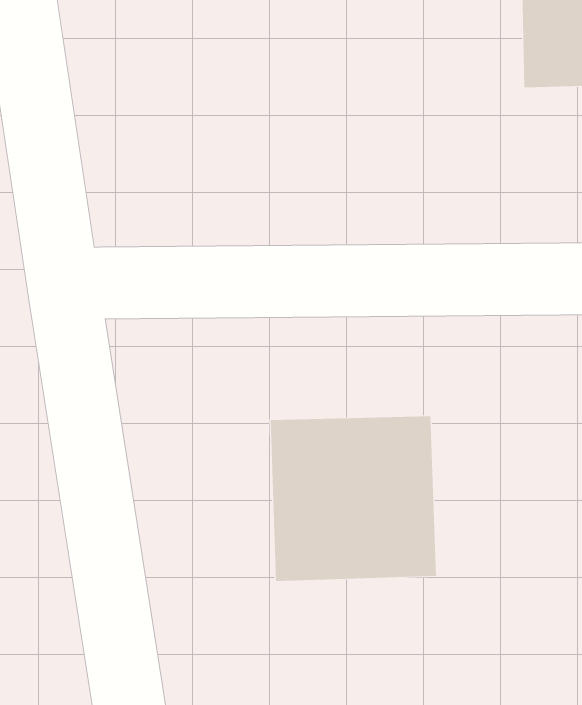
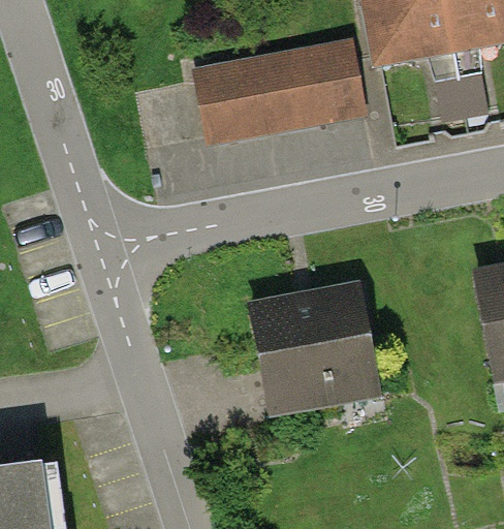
building: none -> [197,53,364,138]

